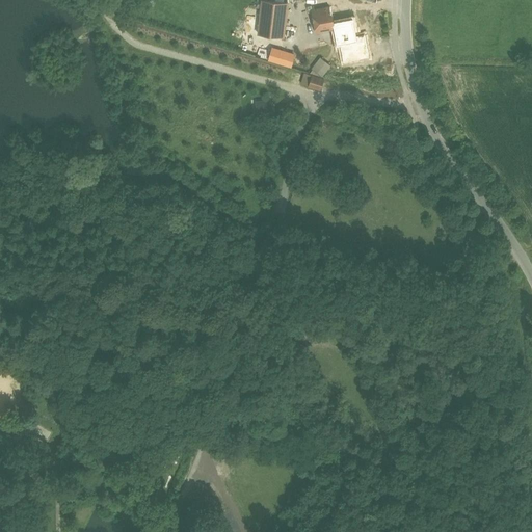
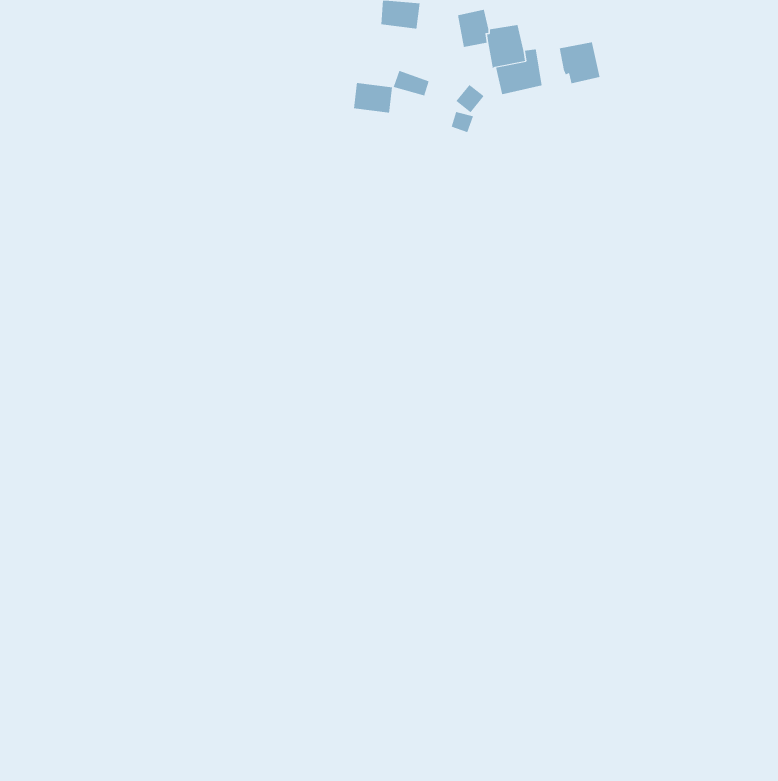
building: [257,17,284,37] -> [353,83,393,113]
building: none -> [559,42,600,84]

